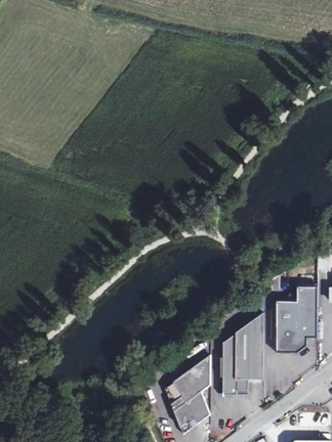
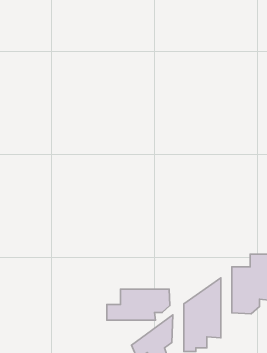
building: none -> [107,289,170,320]

